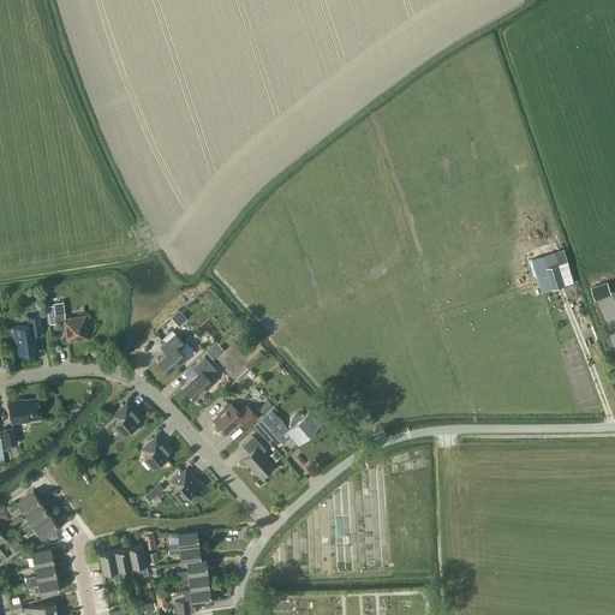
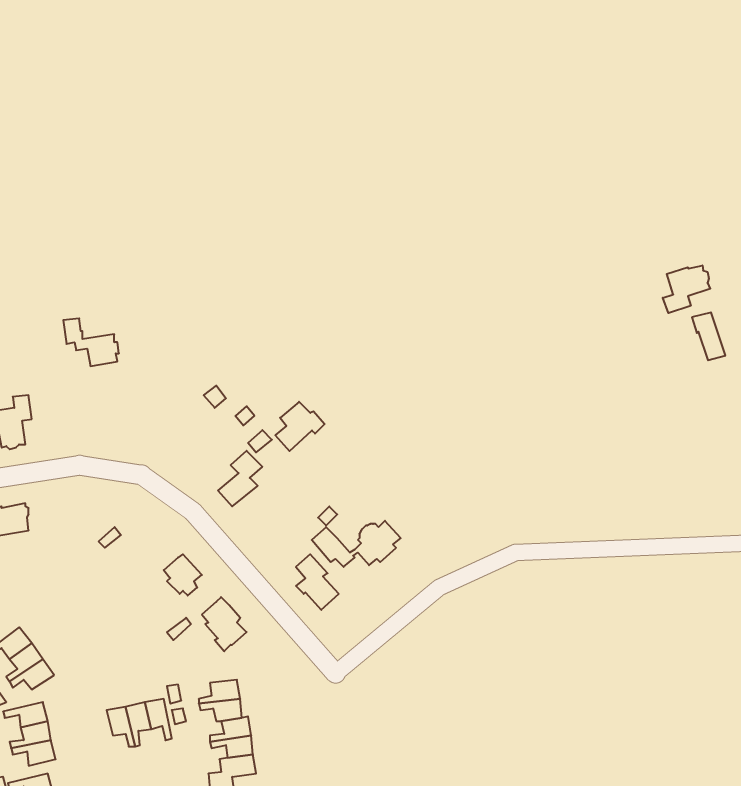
building: none -> [663,265,710,313]
building: [47,305,89,341] -> [63,318,119,366]
building: [157,335,195,372] -> [275,402,325,451]
building: [112,402,141,434] -> none
building: [214,405,257,434] -> none

